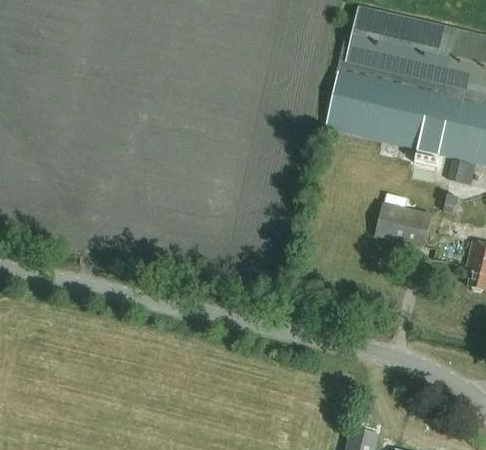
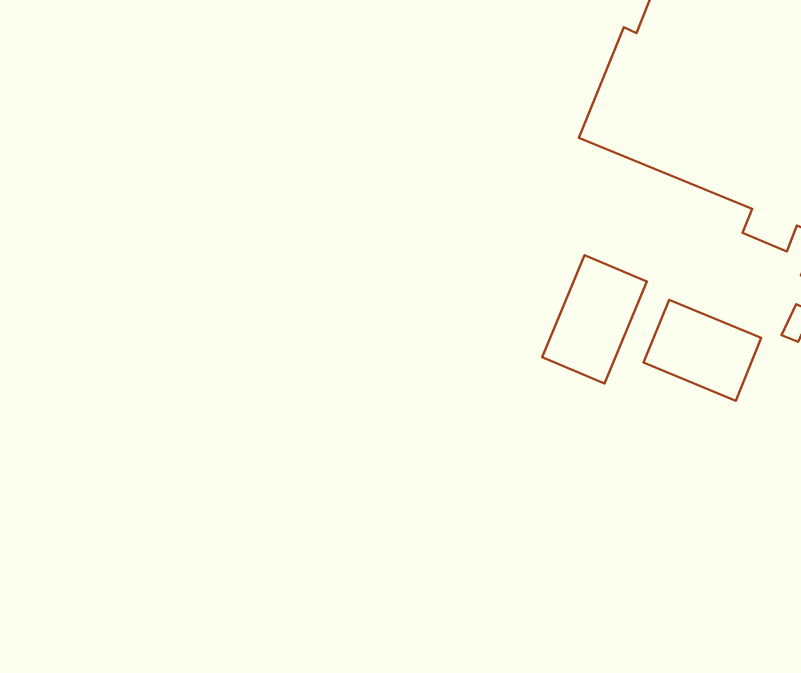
building: none -> [542,255,647,384]

